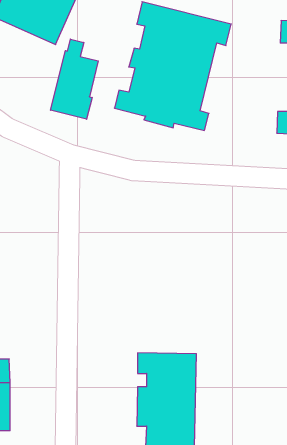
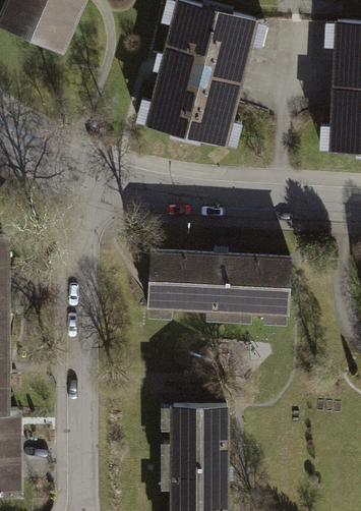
building: [51,39,98,119] -> none
building: none -> [148,249,296,322]

